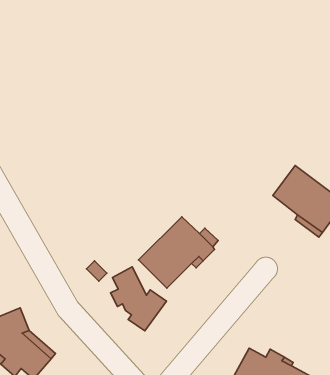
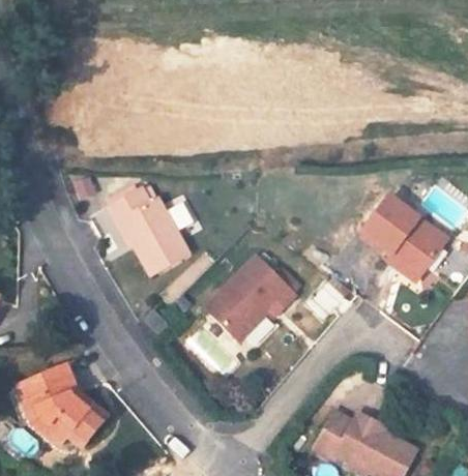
building: none -> [107,187,189,275]
building: [111,267,167,331] -> none

